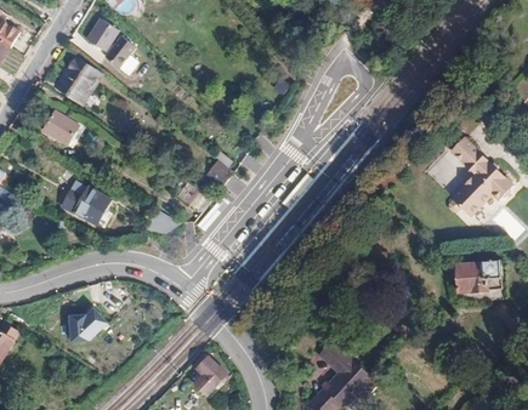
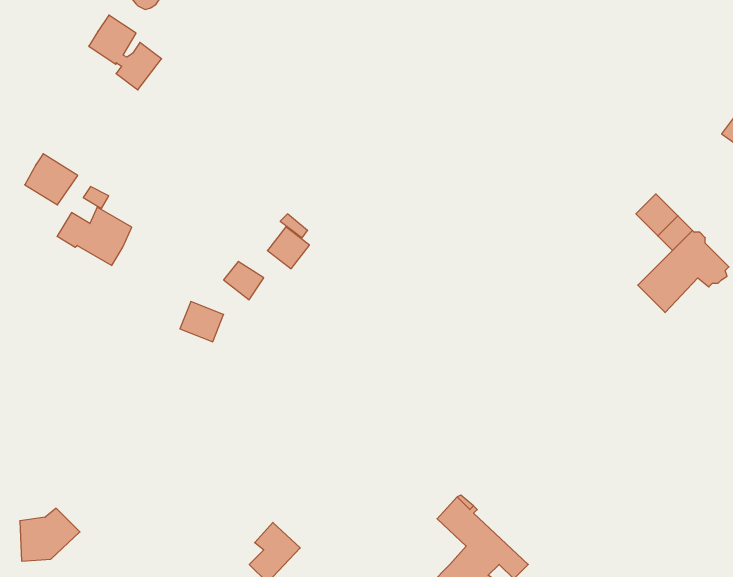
building: [56,58,98,102] -> none
building: [61,186,110,224] -> [57,207,132,265]
building: [455,260,503,300] -> none
building: [69,306,109,341] -> [20,508,80,561]

